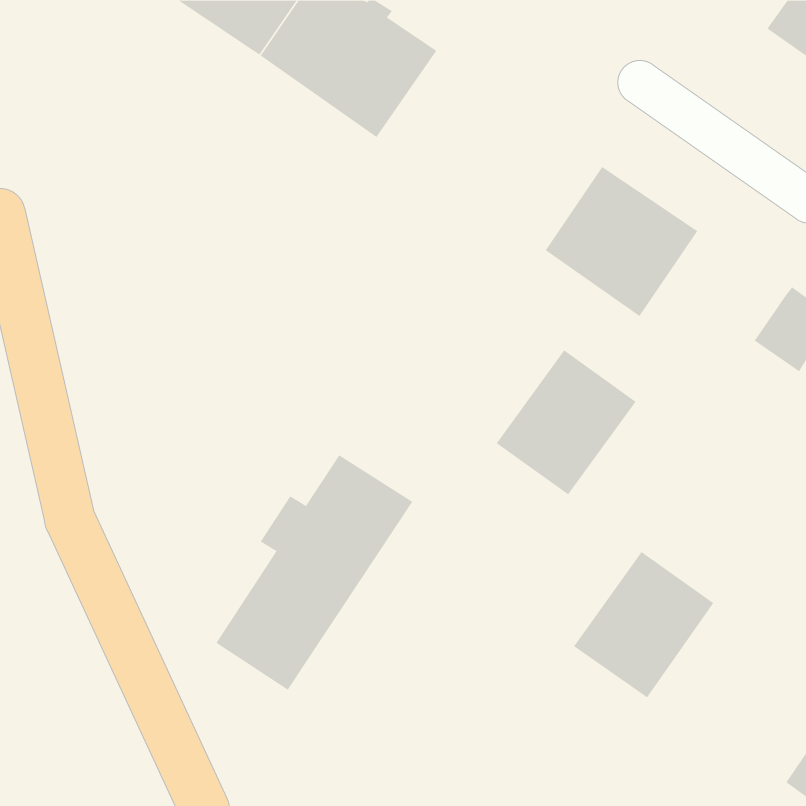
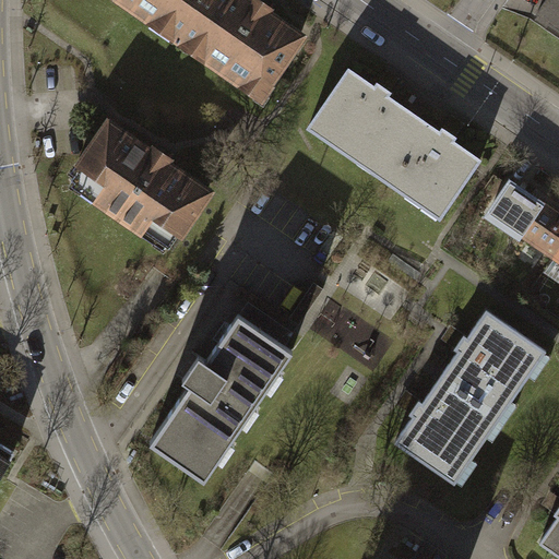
building: none -> [311,73,417,175]
building: none -> [72,124,212,250]
building: none -> [491,185,544,237]
building: [496,350,637,495] -> [444,318,542,418]

